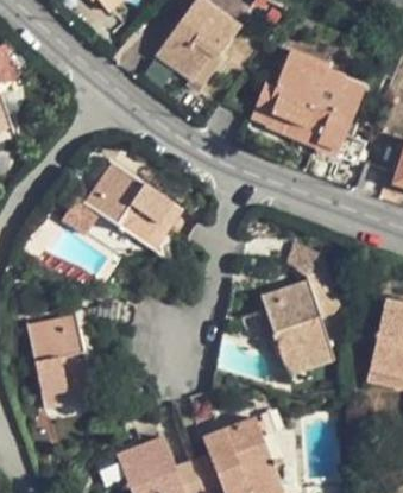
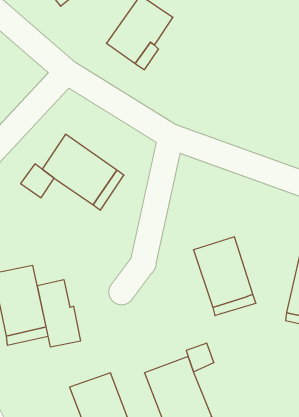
building: [252,49,364,157] -> none
building: none -> [37,280,80,347]

